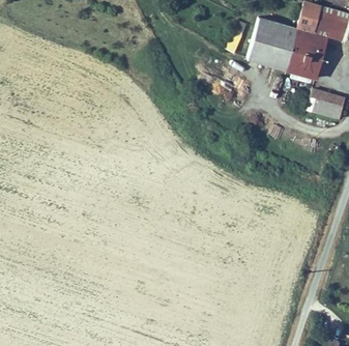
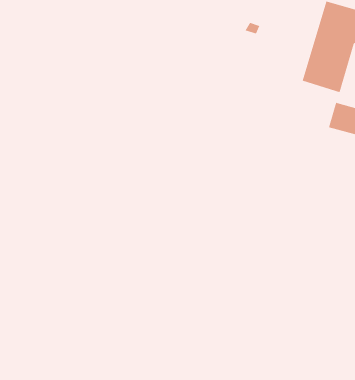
building: [246,18,296,70] -> none

